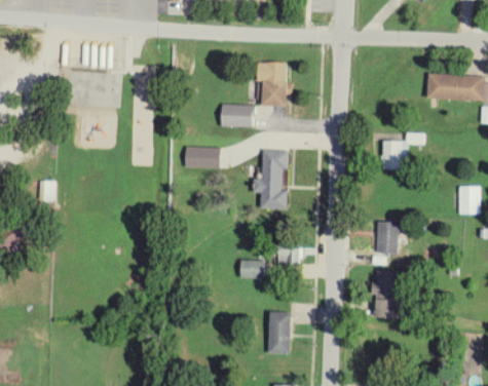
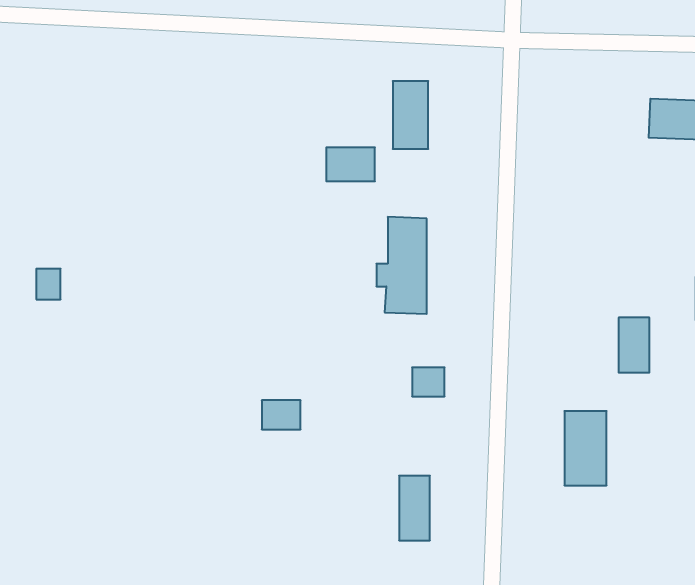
building: [382,140,406,169] -> none
building: [185,146,207,166] -> none
building: [378,222,398,257] -> [619,318,649,373]
building: [240,260,265,278] -> [262,400,301,429]

